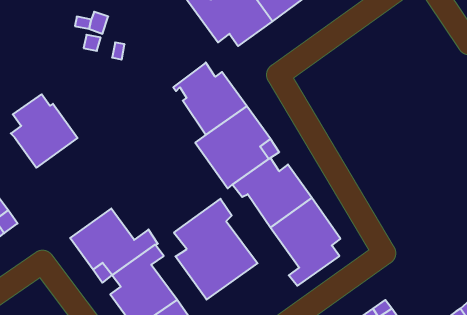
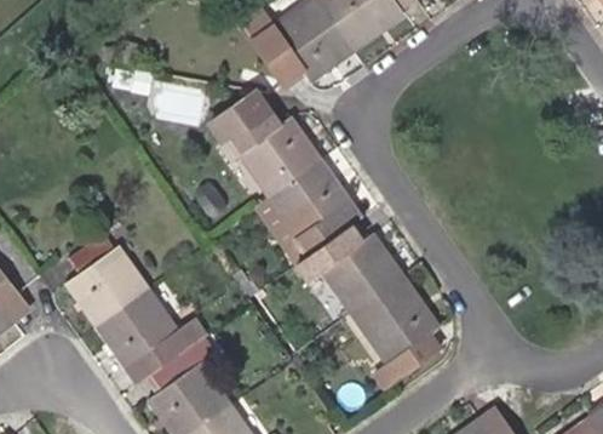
building: none -> [205,93,265,148]
building: [11,94,78,168] -> [63,234,148,327]
building: [174,199,258,300] -> none

